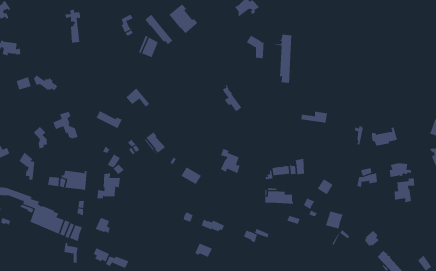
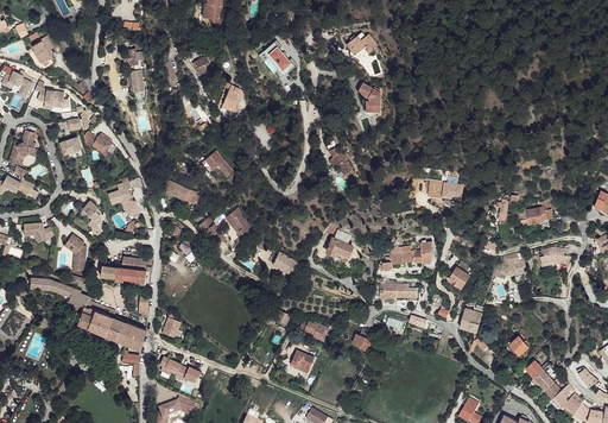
building: [143,14,173,45] -> none
building: [272,34,292,84] -> none
building: [97,173,121,199] -> none
building: [394,177,415,203] -> none

